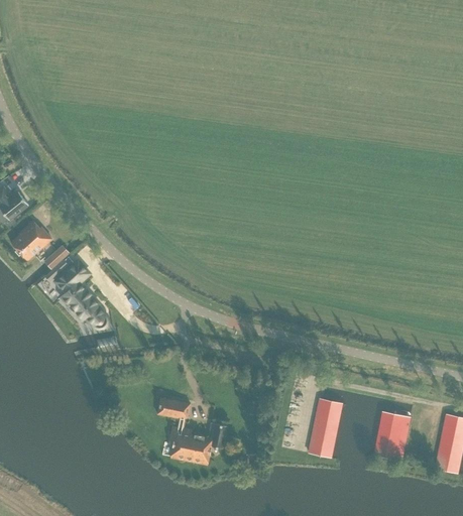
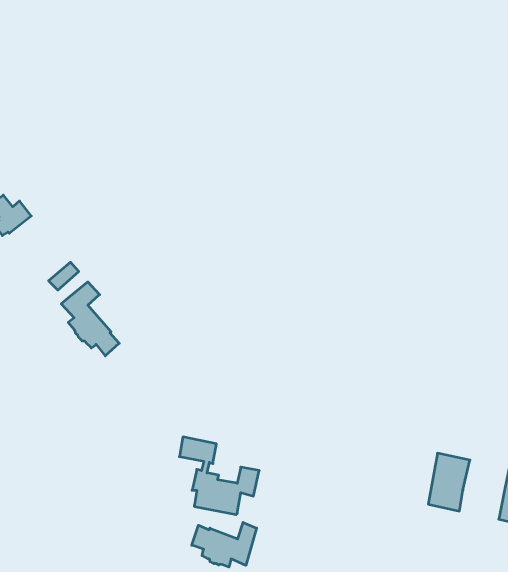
building: [12,221,52,260] -> none
building: [310,398,342,458] -> none
building: none -> [192,522,257,567]

